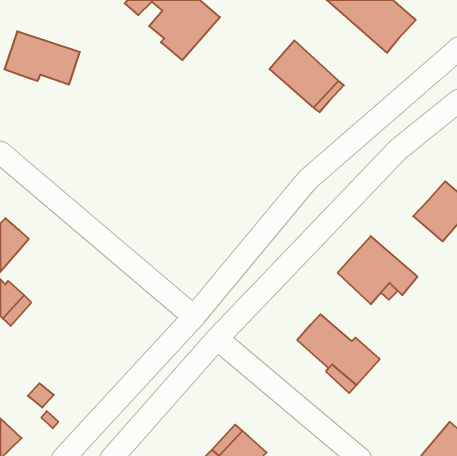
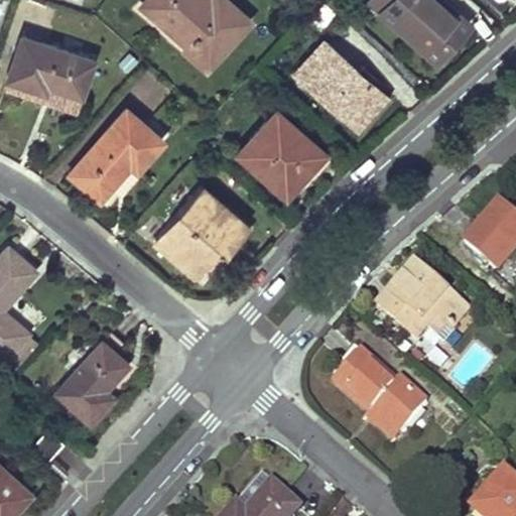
building: none -> [71,109,163,200]
building: none -> [237,111,325,191]
building: none -> [155,187,249,275]
building: none -> [55,335,125,423]

